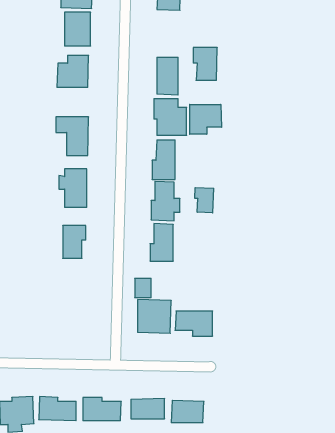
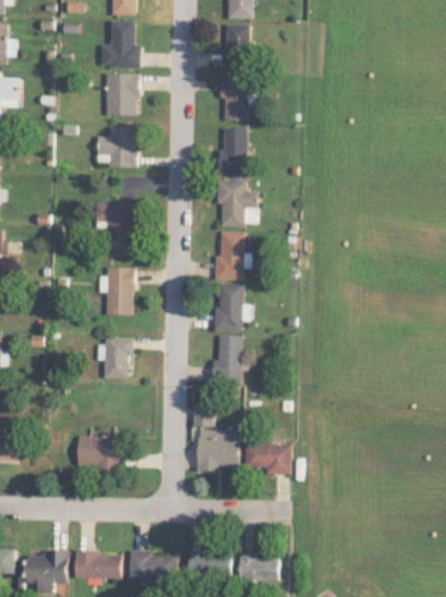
building: [193,48,217,80] -> [219,80,249,120]
building: [190,104,222,134] -> none
building: [195,188,214,213] -> none
building: none -> [76,435,120,467]

